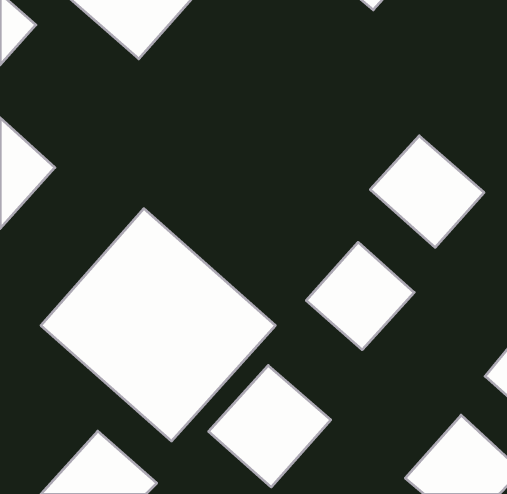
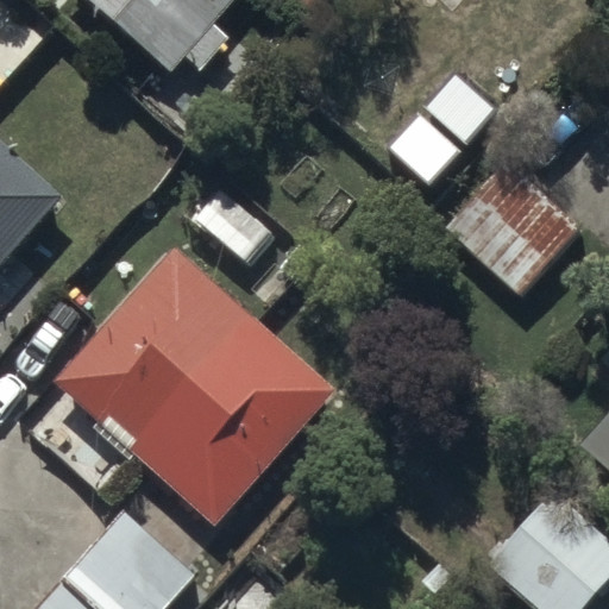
building: [306,242,414,350] -> none
building: [209,365,331,487] -> none

